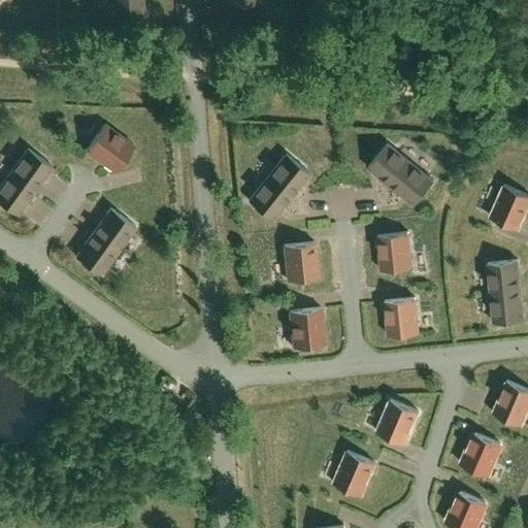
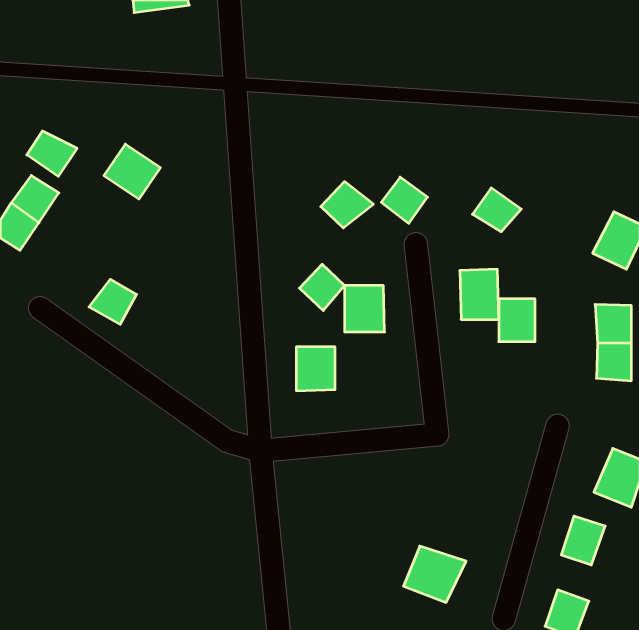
building: none -> [27,131,77,176]
building: [367,146,405,185] -> [381,177,428,223]
building: [246,178,284,217] -> [299,264,345,311]
building: [92,212,132,251] -> none
building: [378,306,408,341] -> [499,299,535,342]
building: [292,310,324,346] -> [296,347,335,391]
building: [376,401,420,447] -> none

